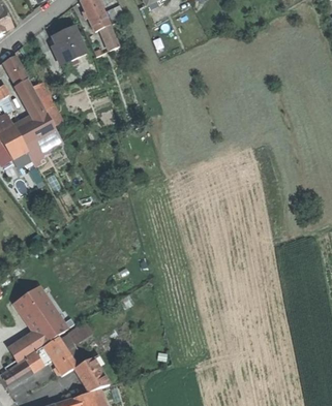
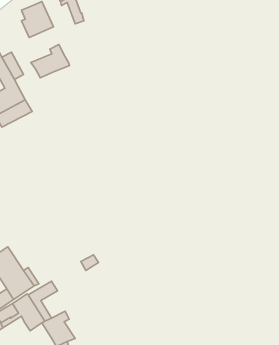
building: none -> [31,45,69,78]

